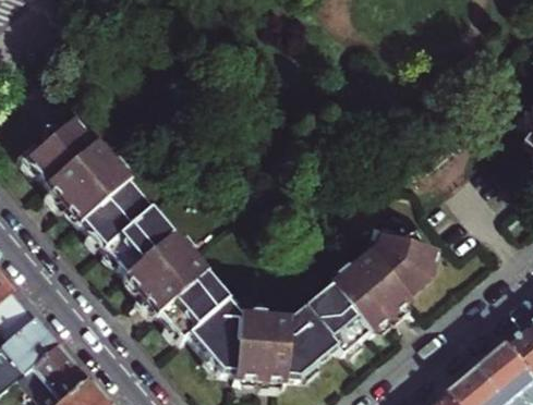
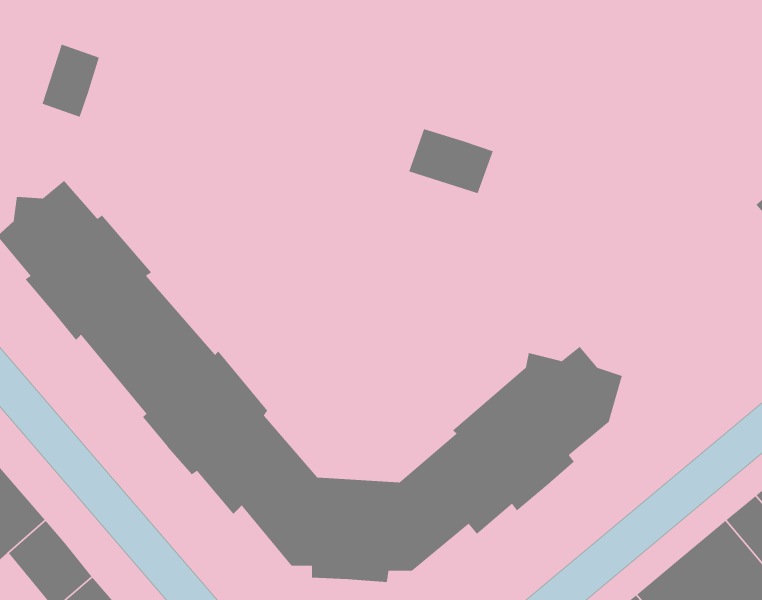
building: none -> [42,44,100,118]
building: none -> [408,128,494,194]

